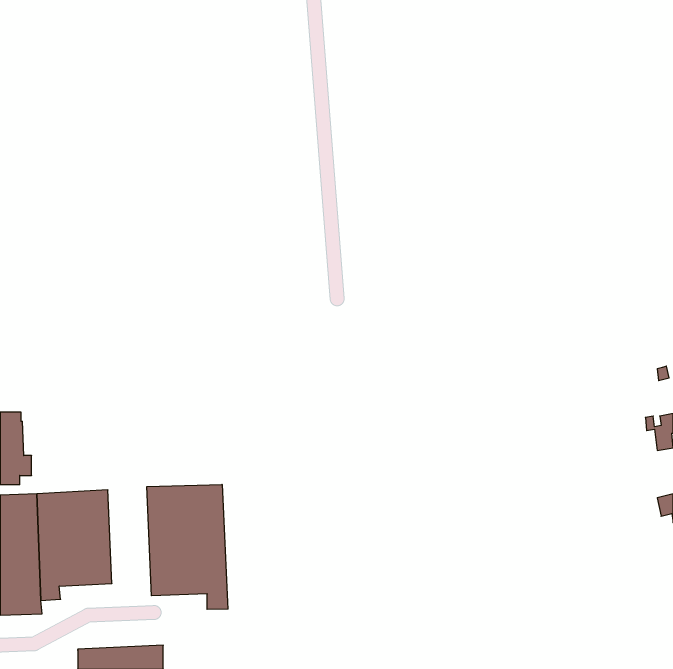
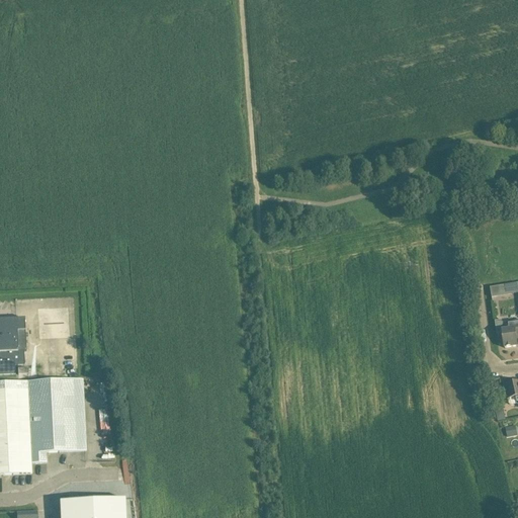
building: [147,484,228,609] -> none

